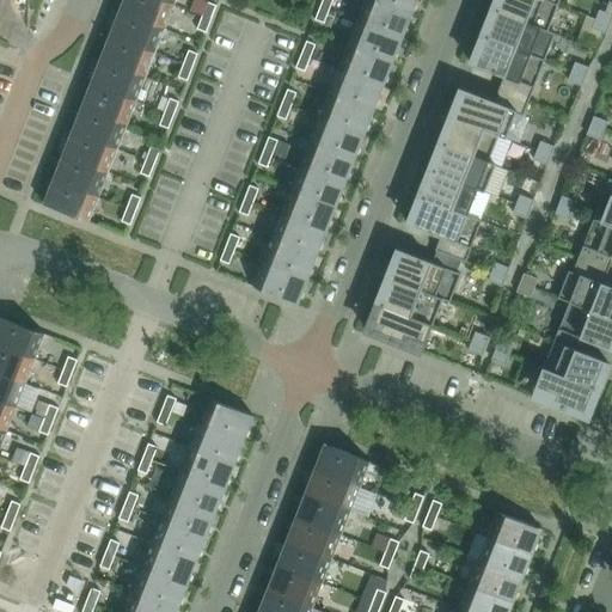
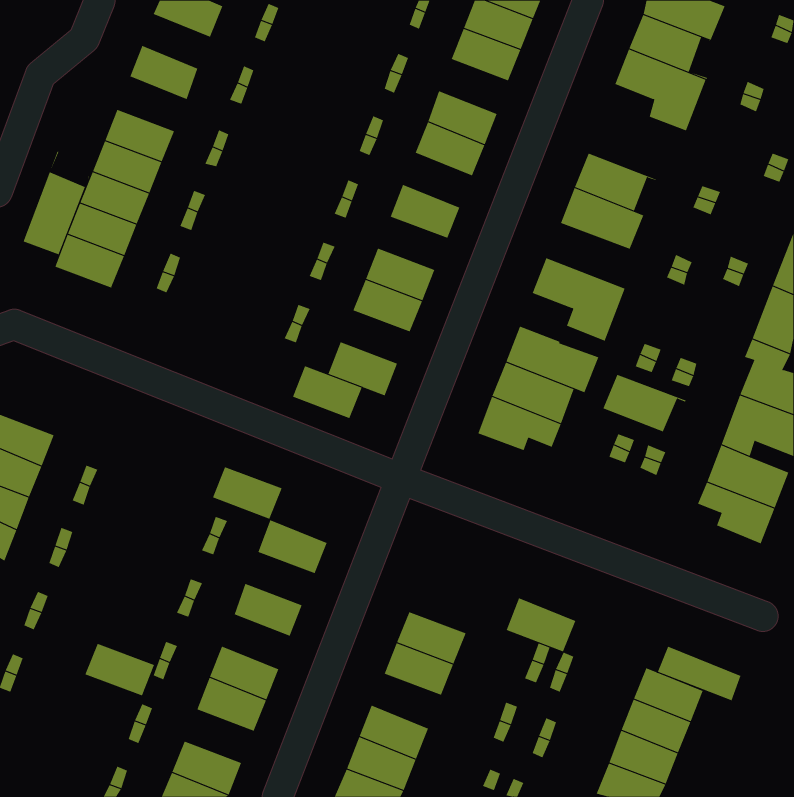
building: [109,11,161,53] -> none
building: [336,45,390,87] -> none
building: [90,59,143,100] -> none
building: [451,90,526,137] -> none
building: none -> [23,151,90,255]
building: [308,117,362,159] -> none
building: [289,166,343,207] -> none
building: [418,171,483,221] -> [603,374,687,440]
building: [261,238,314,279] -> [292,366,362,419]
building: [188,423,241,464] -> [212,466,282,519]
building: [313,443,367,485] -> [506,598,576,652]
building: [170,471,222,513] -> none
building: none -> [657,646,741,701]
building: [284,516,338,558] -> none
building: [141,544,195,585] -> [85,643,155,696]

